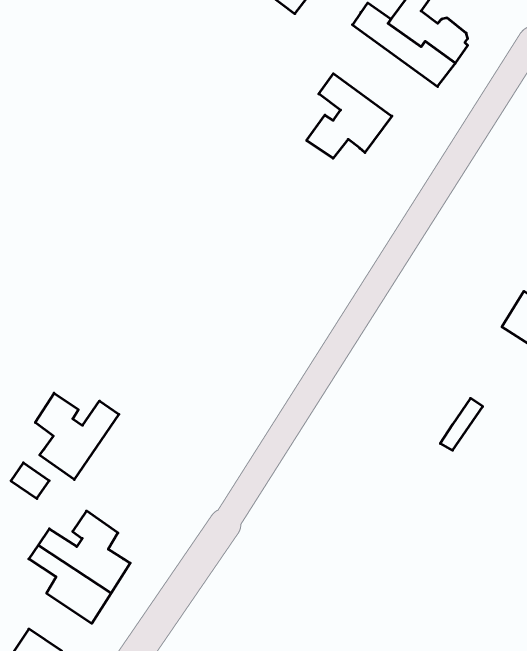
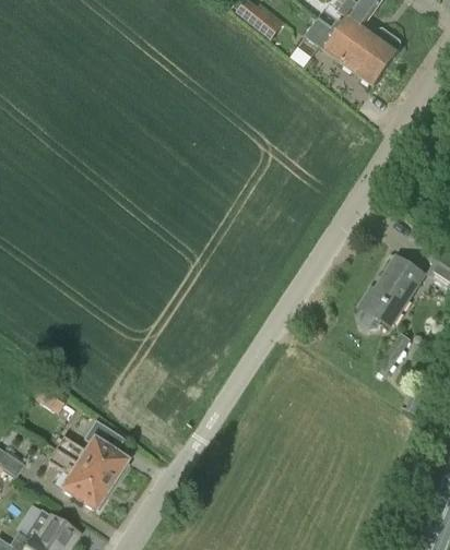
building: [307,74,392,158] -> none
building: none -> [359,254,425,327]
building: [35,393,119,480] -> none

